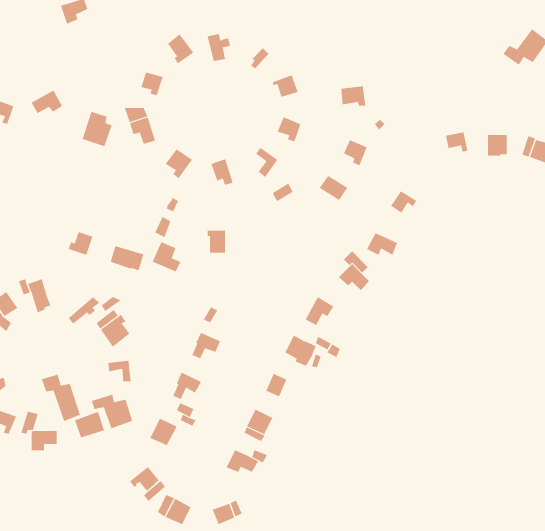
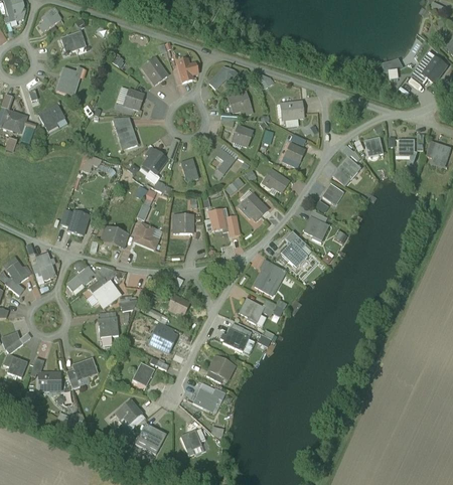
building: [82,111,113,147] -> [55,67,80,96]
building: none -> [332,157,360,185]
building: none -> [238,193,267,219]
building: none -> [208,207,239,235]
building: [41,374,81,422] -> none
building: [91,394,133,429] -> none

